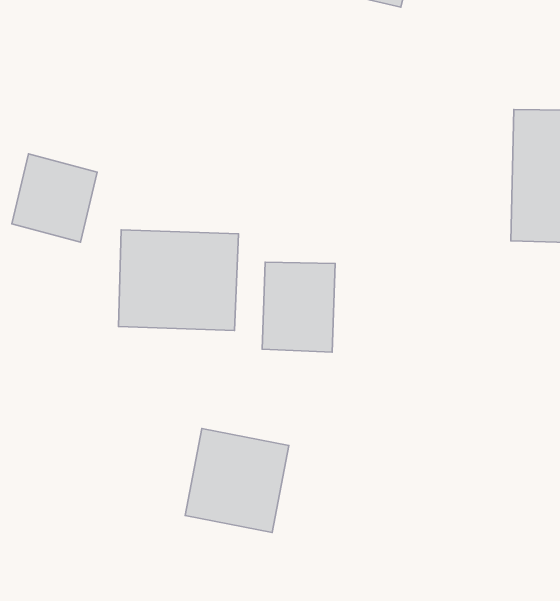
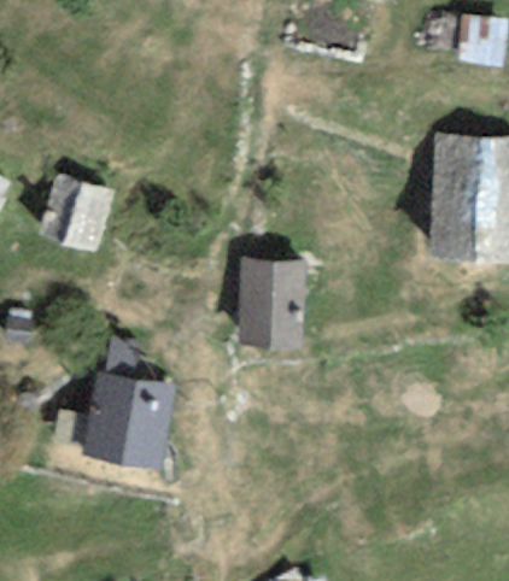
building: [118,230,239,331] -> none
building: [185,429,289,532] -> [89,375,171,457]

